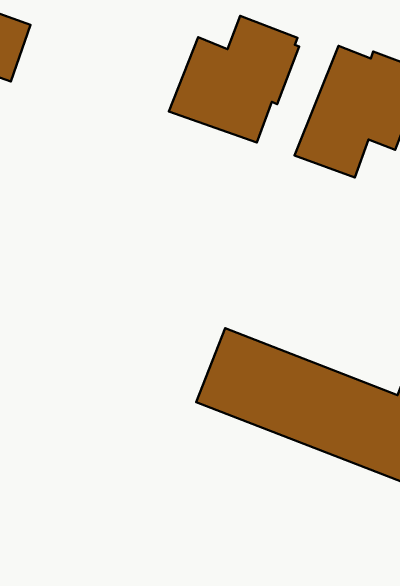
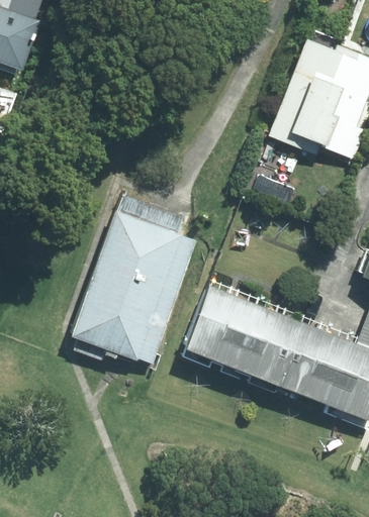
building: [169,16,299,142] -> none
building: none -> [74,195,204,369]

